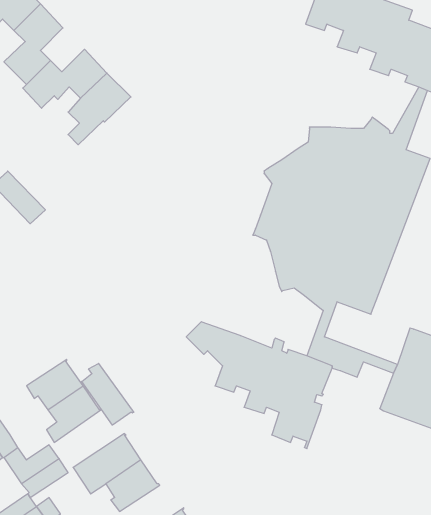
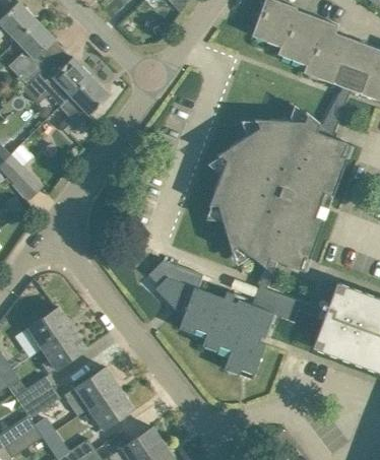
building: none -> [147,260,202,288]
building: [82,363,134,425] -> none

